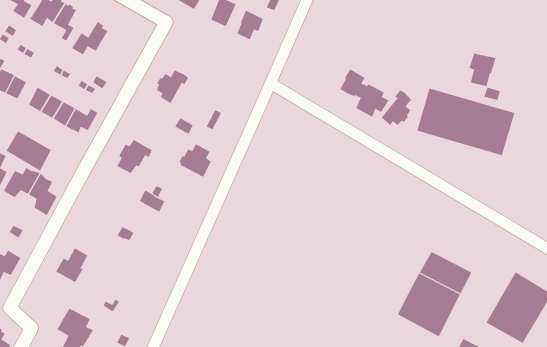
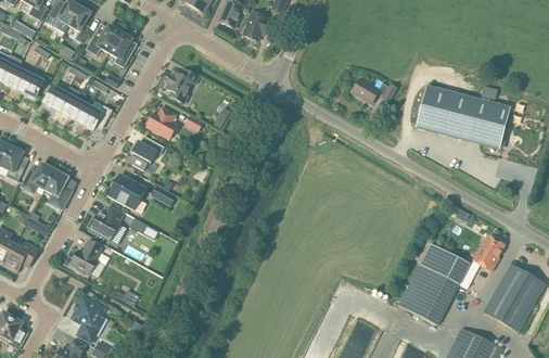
building: none -> [110,31,136,66]
building: [469,53,496,87] -> none
building: [381,89,412,126] -> none
building: [6,130,52,172] -> none
building: [179,144,211,178] -> [145,105,177,138]
building: none -> [108,172,145,208]
building: none -> [88,205,124,239]
building: none -> [459,234,505,287]

